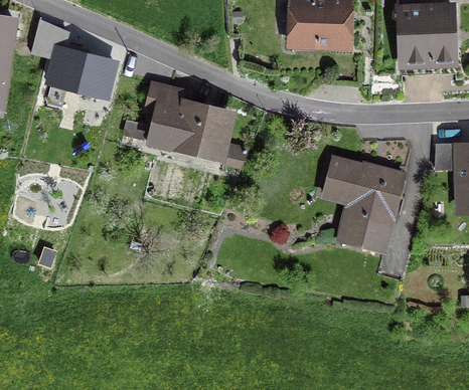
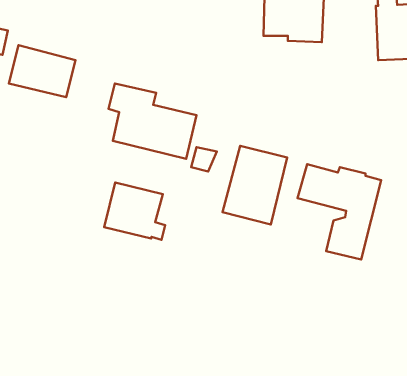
building: none -> [223,146,287,224]
building: none -> [104,182,165,240]

